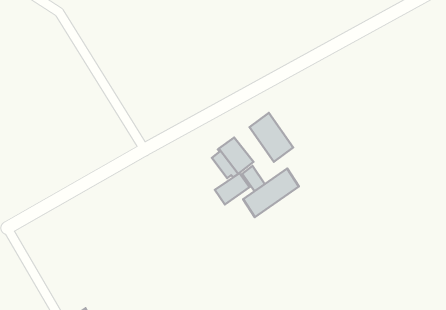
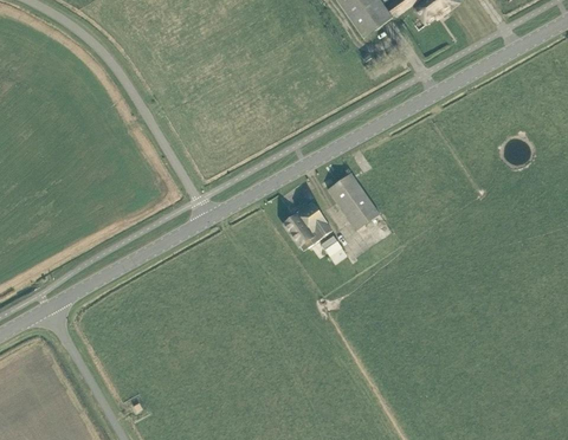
building: [243,169,299,217] -> none
building: [215,173,249,205] -> none

